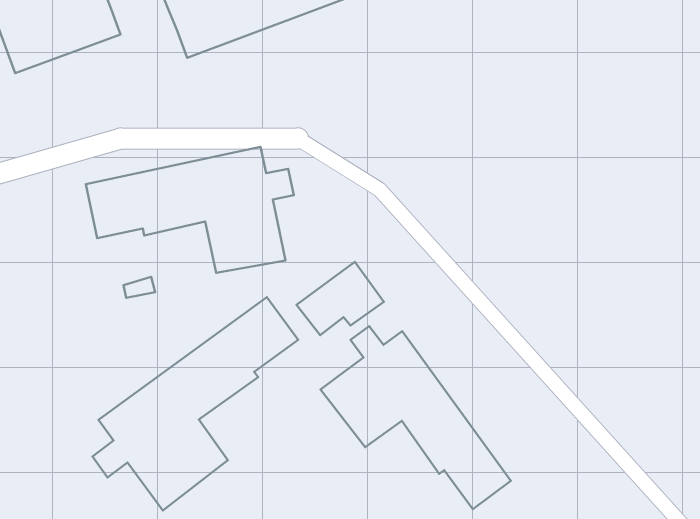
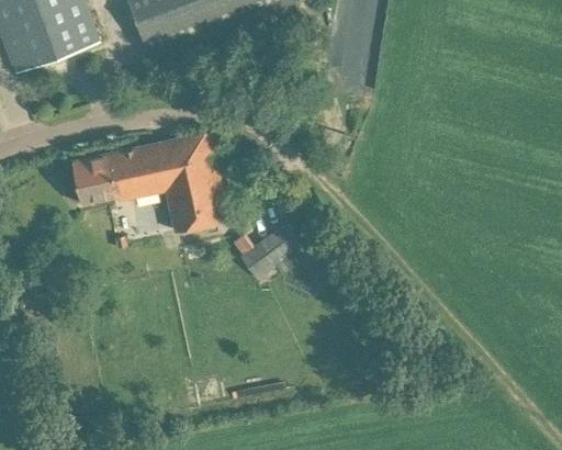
building: [93,297,298,510] -> none
building: [321,326,511,509] -> none

